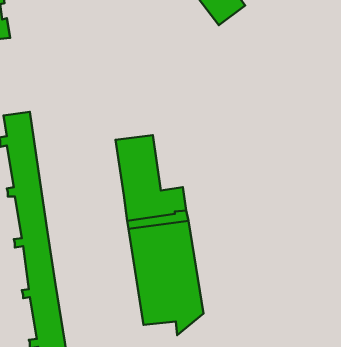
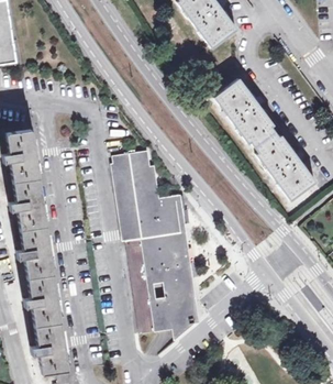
building: none -> [214,80,315,201]

